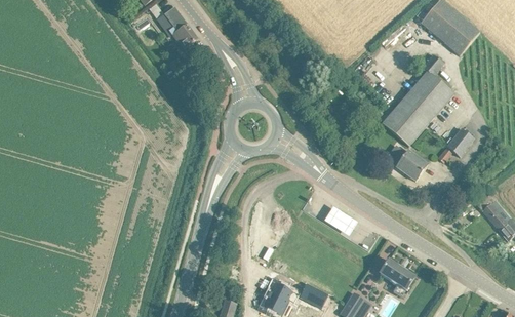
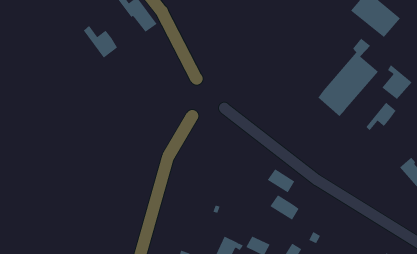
building: none -> [83,25,118,58]
building: none -> [382,64,413,100]
building: [394,149,428,181] -> none
building: [380,261,414,290] -> [269,195,300,220]

